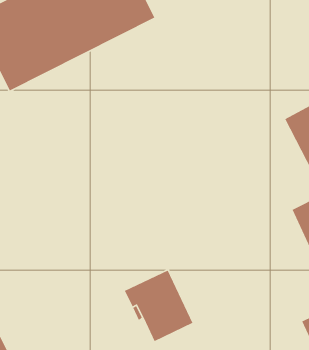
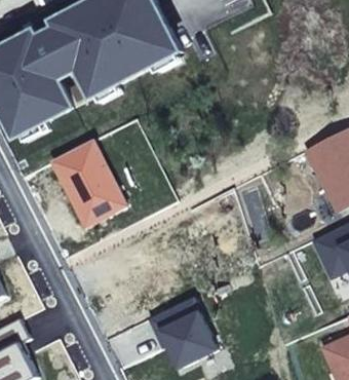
building: none -> [52,141,126,226]

